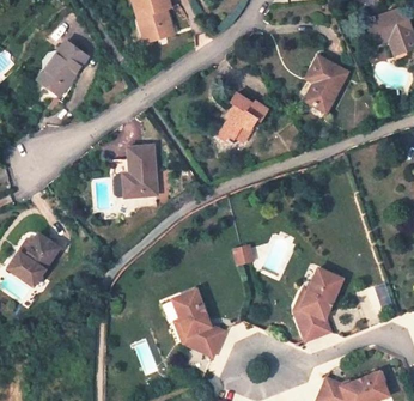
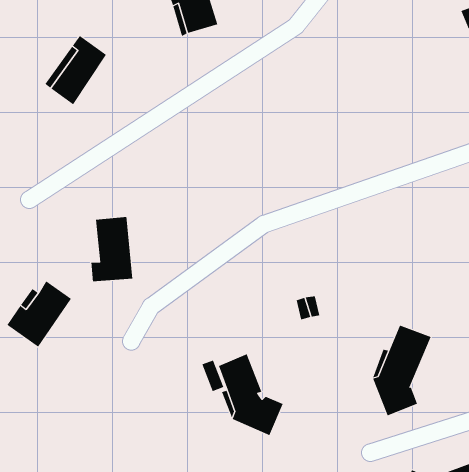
building: [305,56,347,111] -> none
building: [218,92,266,142] -> none
building: [123,145,157,196] -> [90,216,133,282]

